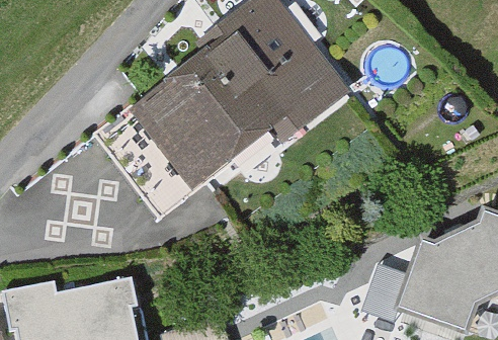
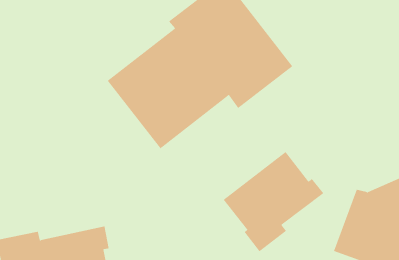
building: none -> [223,151,324,252]

